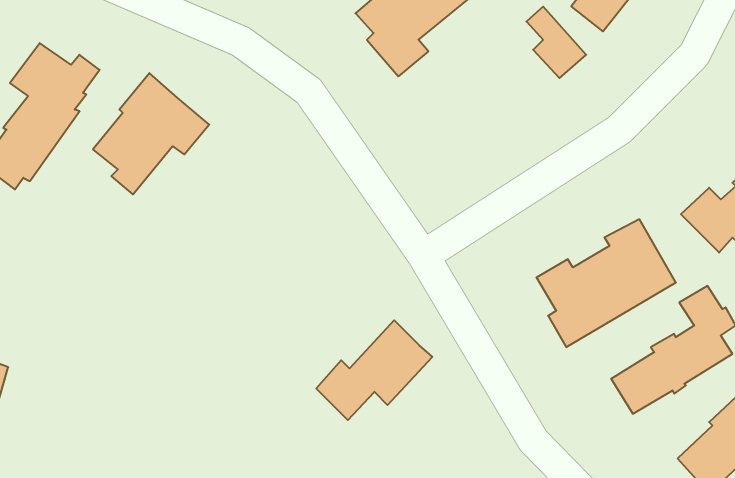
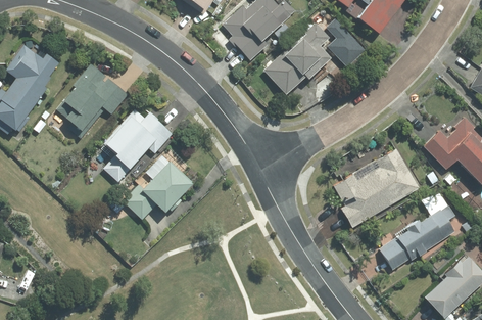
building: none -> [262,22,331,94]
building: none -> [105,105,178,179]
building: [316,320,432,420] -> [128,155,199,217]

